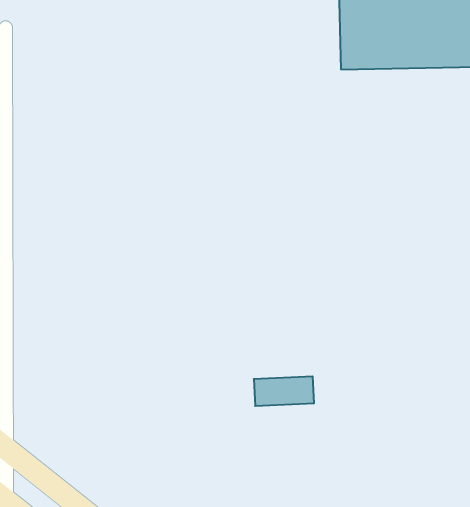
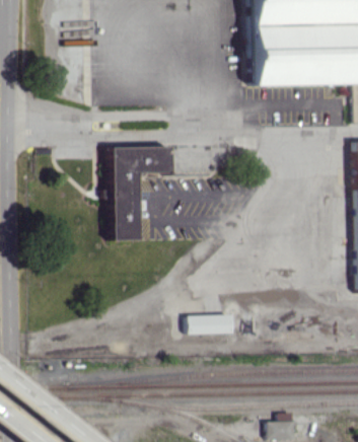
building: none -> [117,148,173,238]

